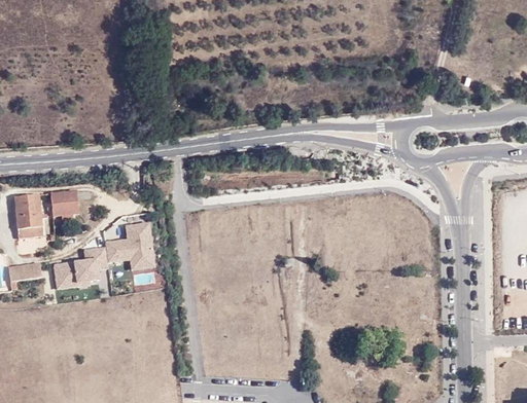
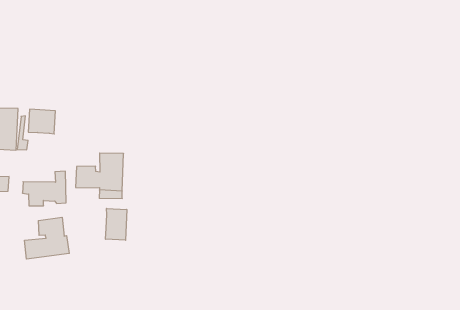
building: none -> [106,208,127,240]
building: none -> [25,217,69,259]

